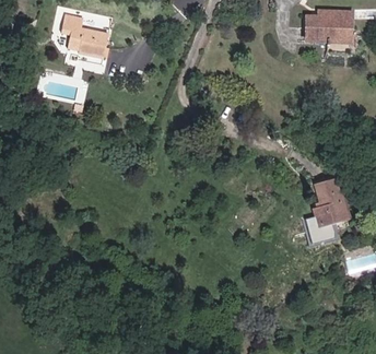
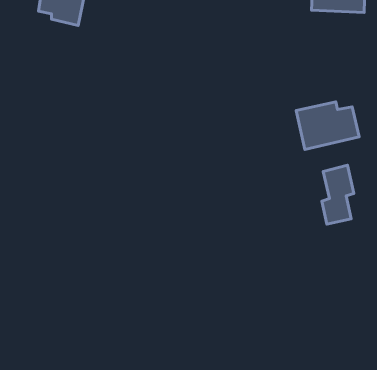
building: none -> [296,102,359,150]

